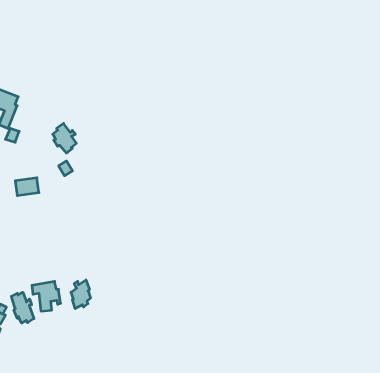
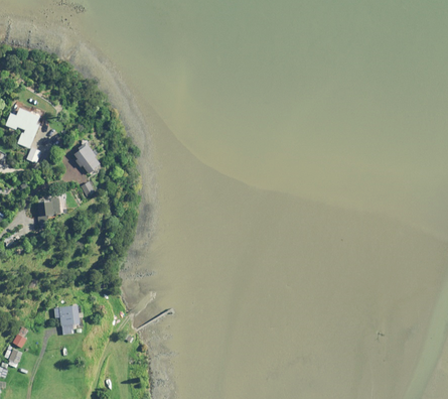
building: [71,280,90,309] -> none
building: [11,292,34,323] -> none

